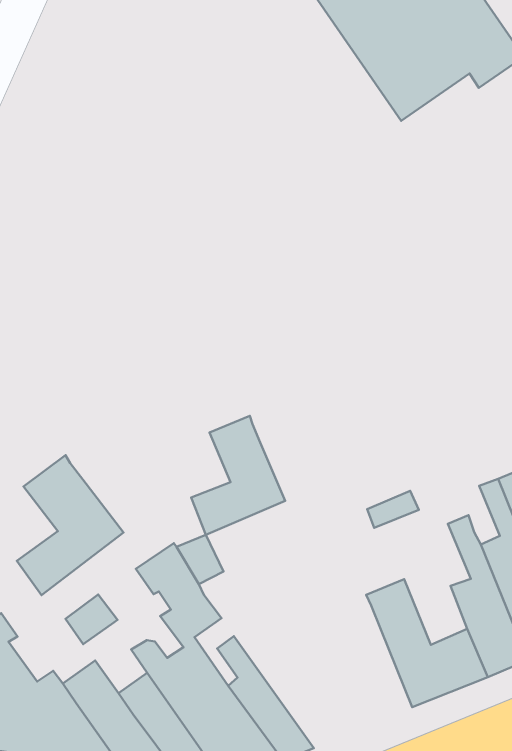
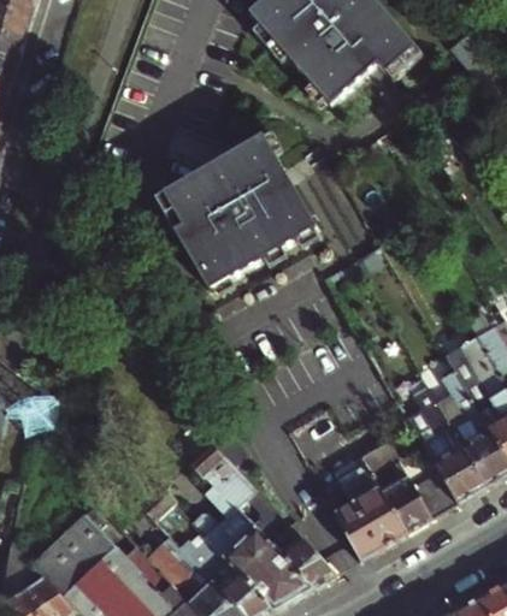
building: none -> [164,136,317,291]
building: [191,416,285,535] -> none
building: [17,455,124,595] -> none
building: none -> [332,463,403,561]

